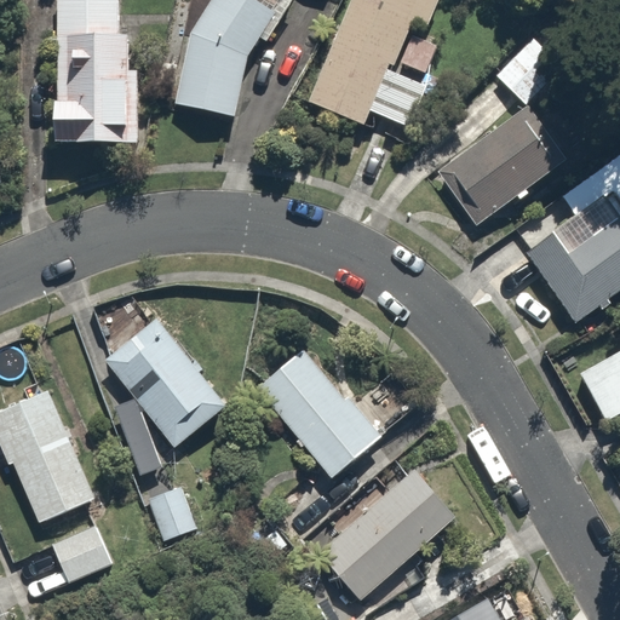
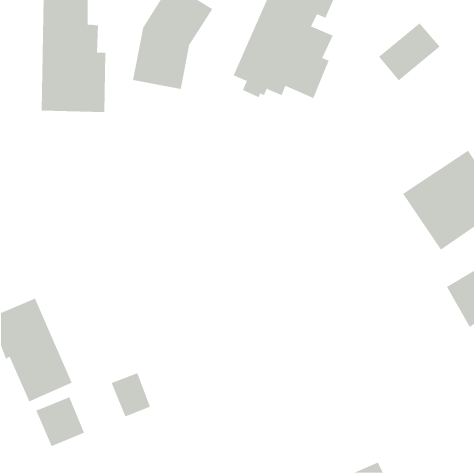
building: [436,105,566,223] -> none
building: [101,316,230,450] -> none
building: [254,348,380,478] -> none
building: [318,465,457,597] -> none

